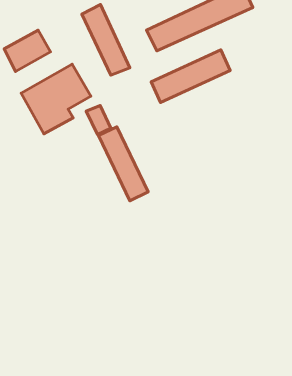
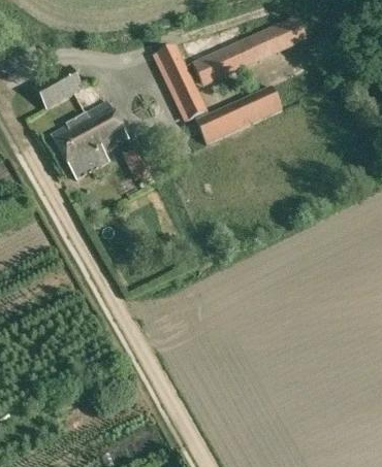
building: [82,5,130,75] -> [154,42,206,120]
building: [99,127,148,201] -> none

